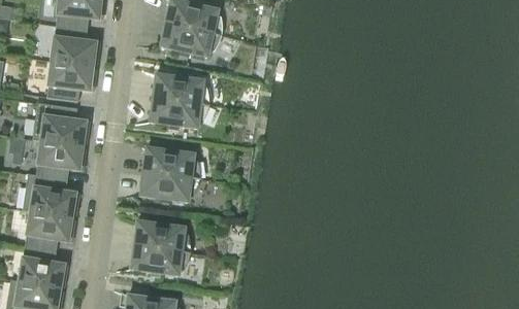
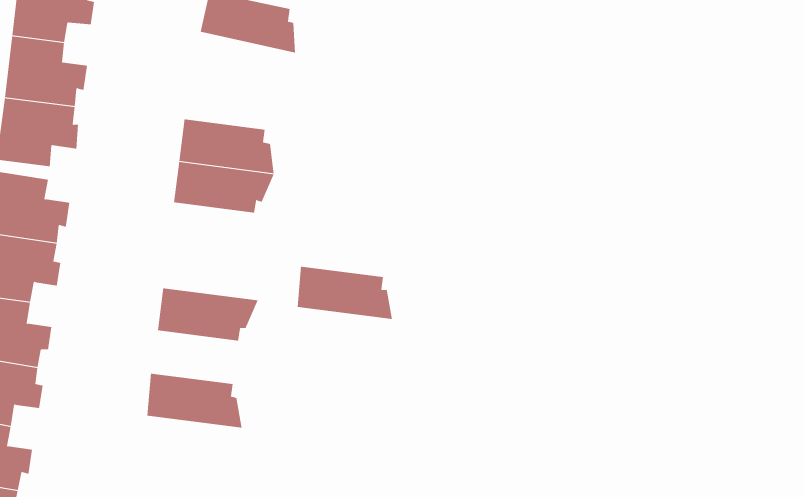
building: [160,23,221,57] -> none
building: [143,147,199,178] -> [297,266,393,320]
building: [131,245,190,275] -> none

